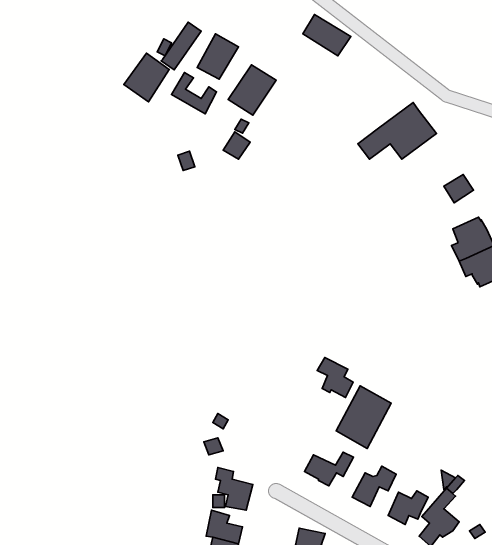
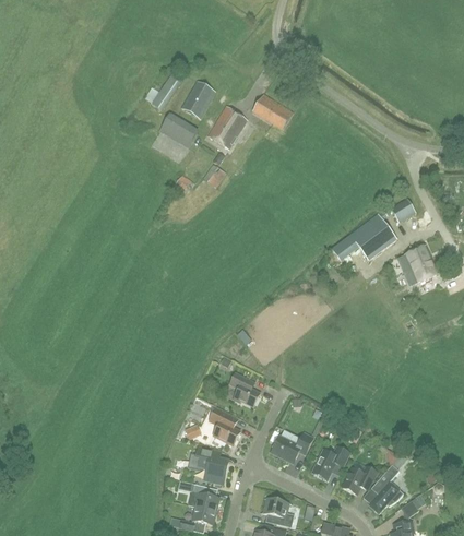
building: [303,15,351,56] -> [253,94,294,129]
building: [124,53,169,102] -> none
building: [358,102,437,159] -> [331,213,397,261]
building: [317,358,353,398] -> [229,372,260,406]
building: [336,386,391,448] -> none
building: none -> [210,408,240,445]

